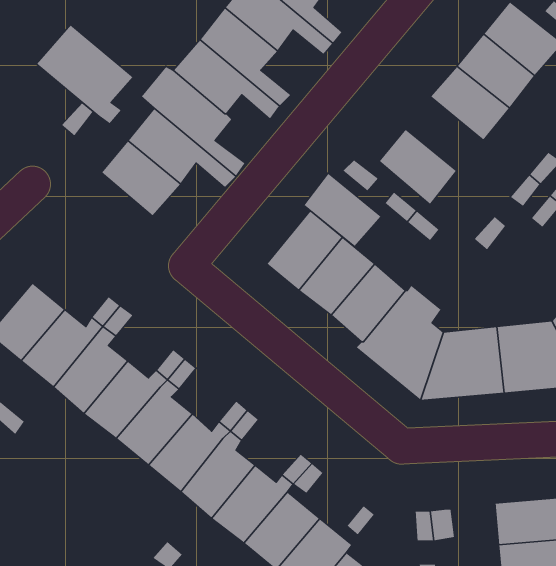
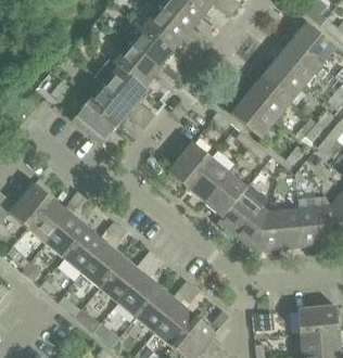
building: [36,24,133,124] -> none
building: [304,173,382,247] -> [246,76,291,118]

